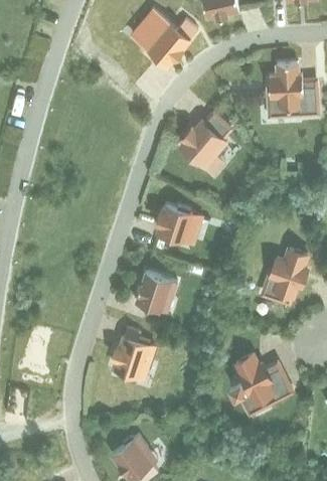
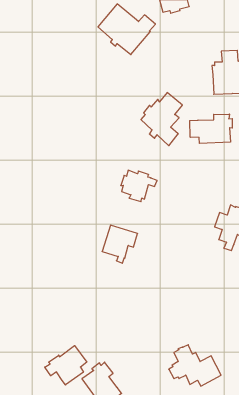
building: none -> [190,114,232,143]
building: [115,328,155,381] -> none
building: [230,355,293,405] -> [169,345,221,386]
building: none -> [45,346,87,385]

